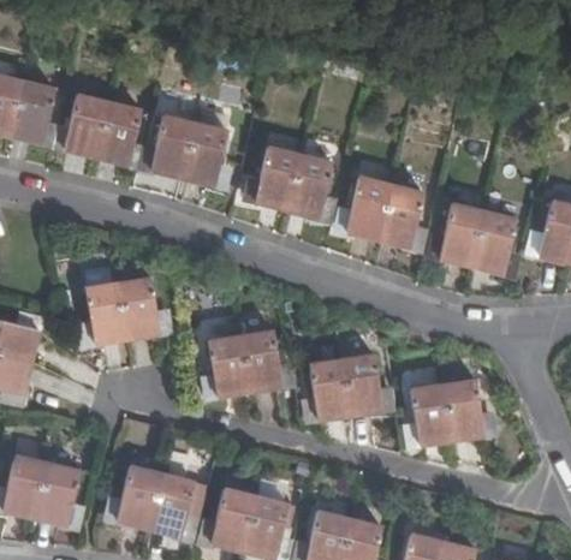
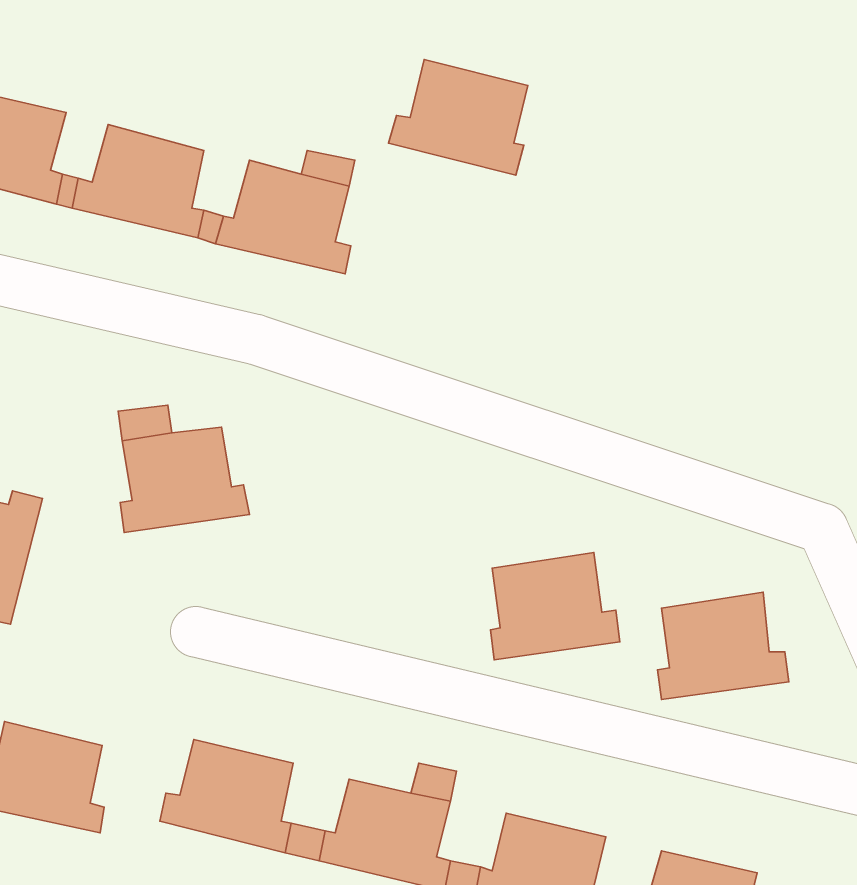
building: [248,149,332,219] -> [388,60,528,175]
building: [340,180,422,249] -> none
building: [433,207,513,274] -> none
building: [208,332,287,395] -> none

